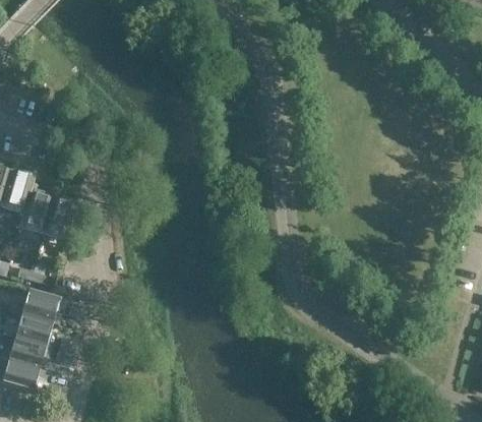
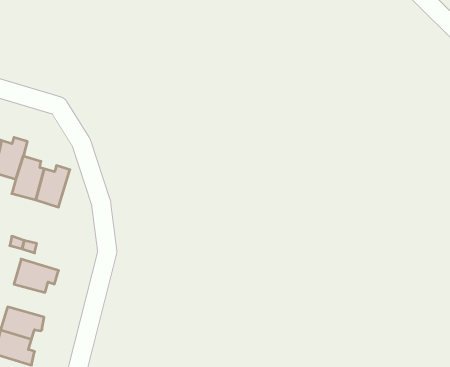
building: [15,312,55,345] -> none

